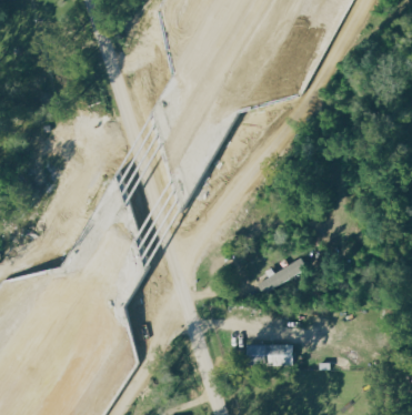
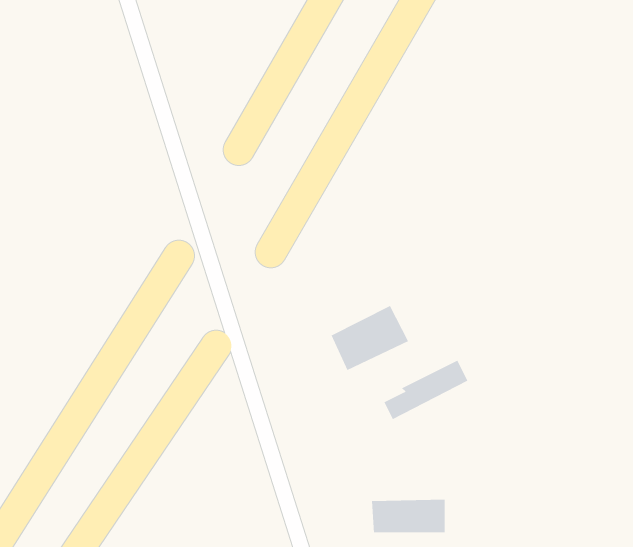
building: none -> [331,305,409,371]

